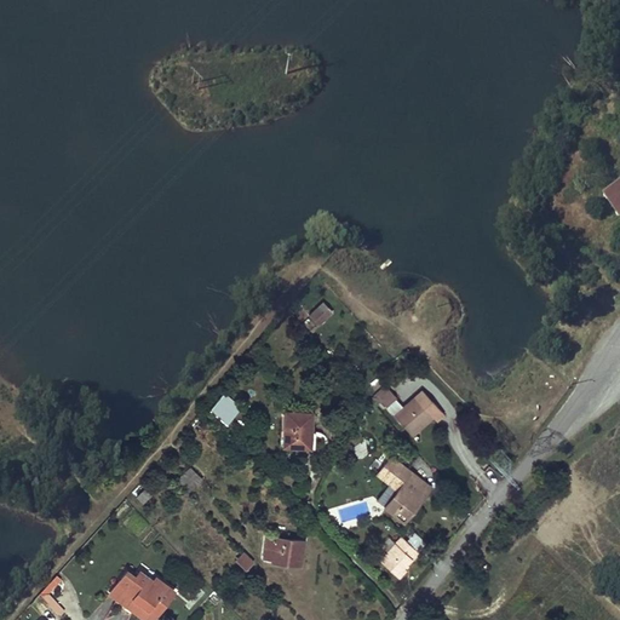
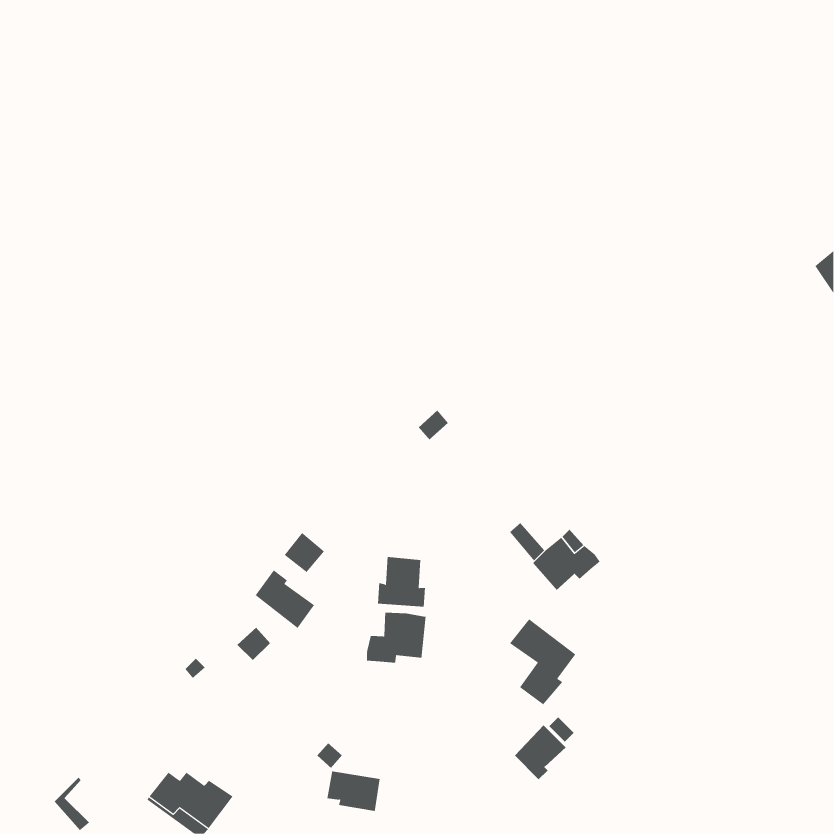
building: none -> [255,570,315,629]
building: none -> [366,612,426,664]
building: [264,539,304,569] -> [327,771,380,812]

